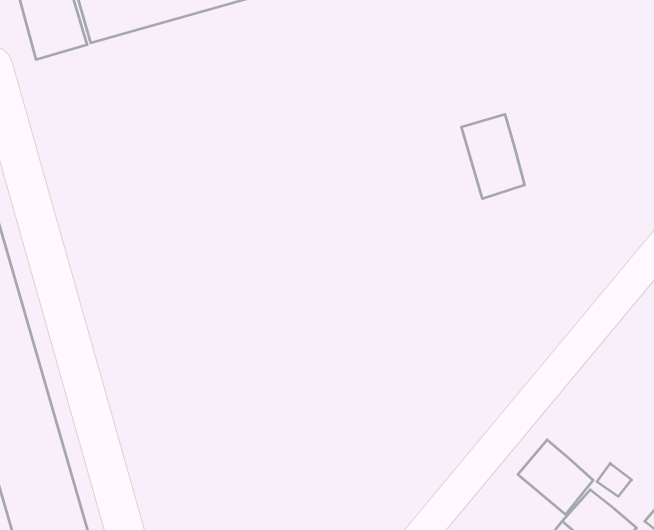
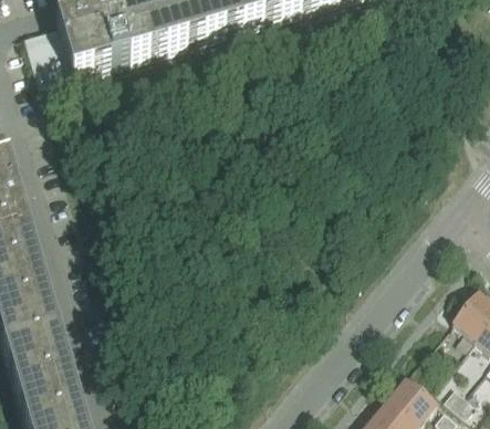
building: [461,114,524,199] -> none
building: [518,440,593,514] -> none

